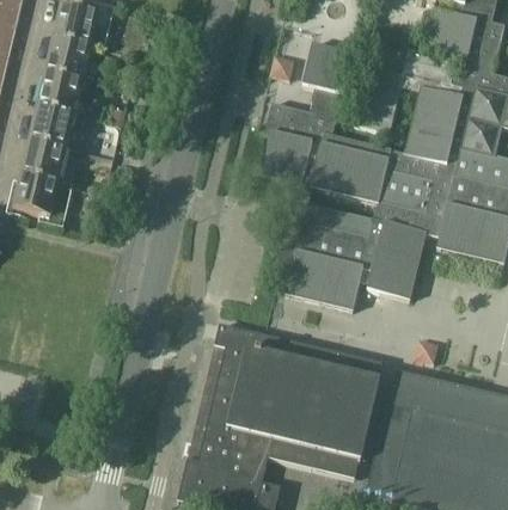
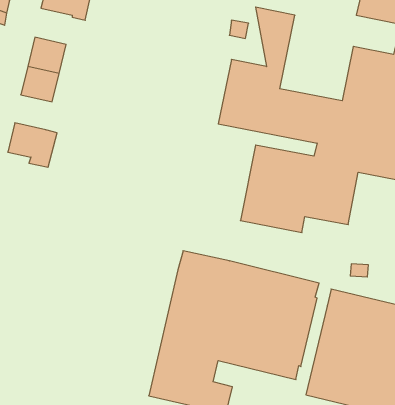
building: [43,38,87,81] -> none
building: [19,141,63,183] -> none

